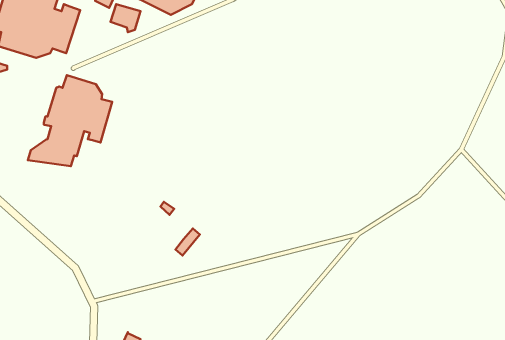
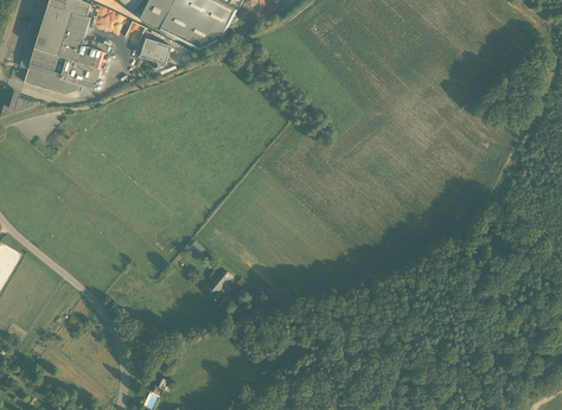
building: [28,75,112,166] -> none

